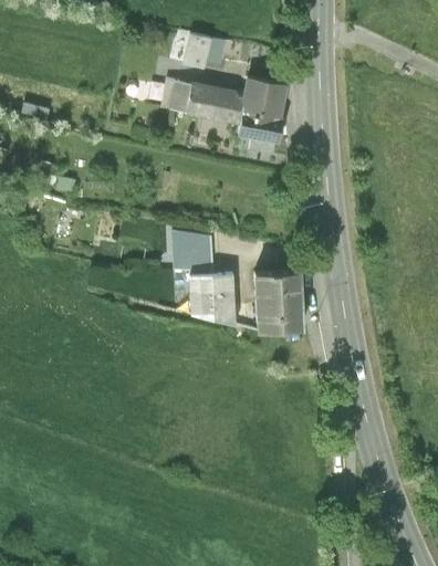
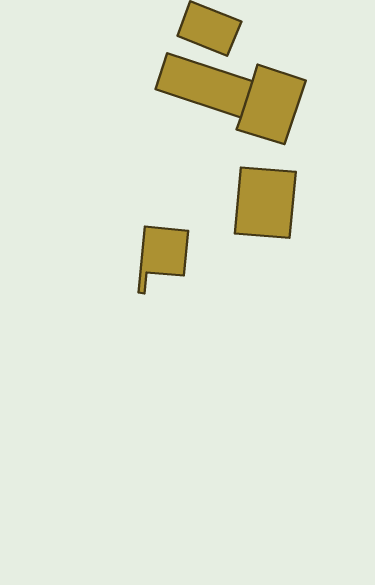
building: [252,271,304,333] -> [235,167,296,238]
building: [188,274,236,325] -> none

